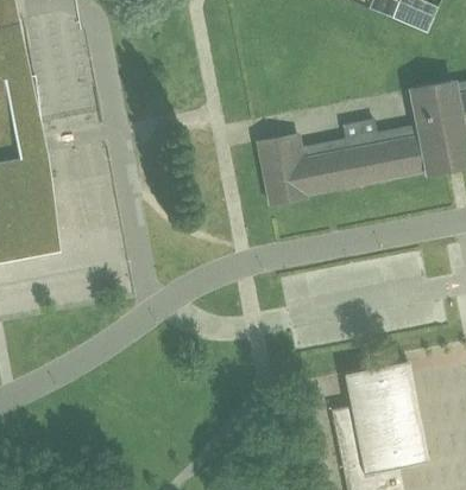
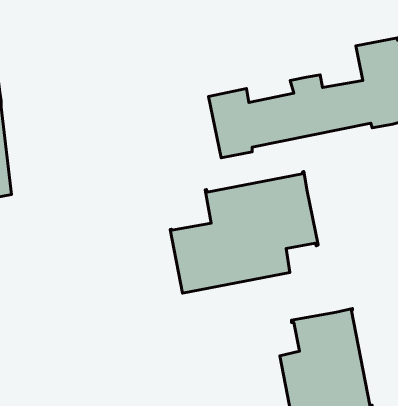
building: none -> [170,172,318,293]

